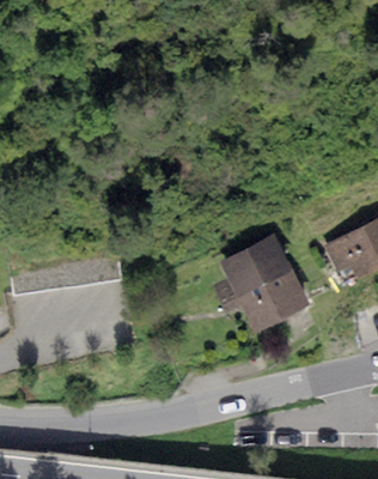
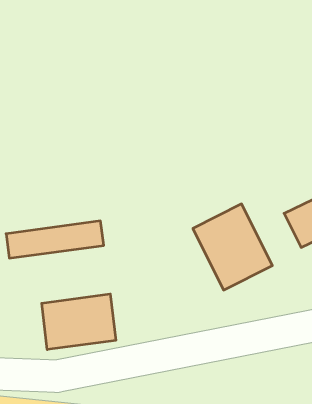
building: none -> [42,294,116,350]

